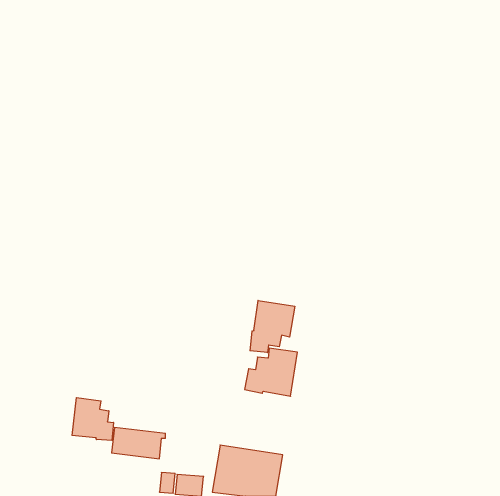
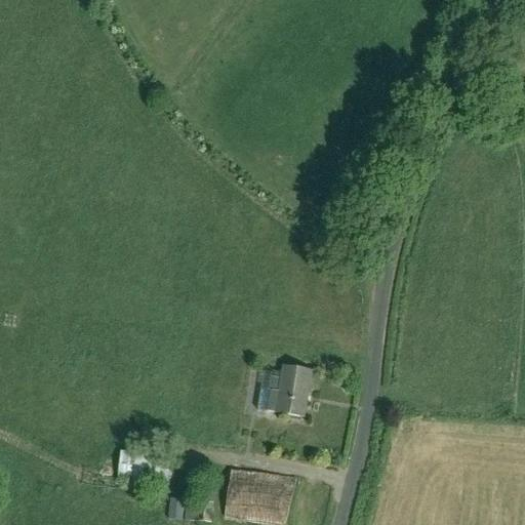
building: [250,300,295,353] -> none
building: [72,398,113,440] -> none

